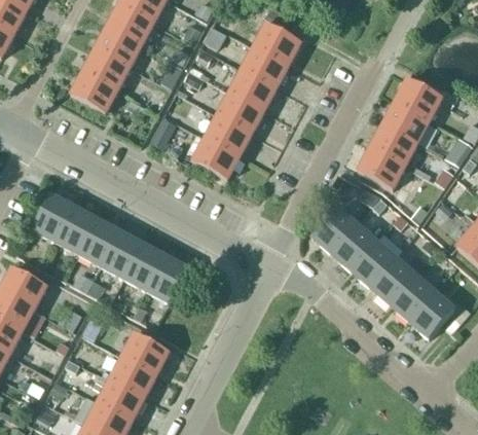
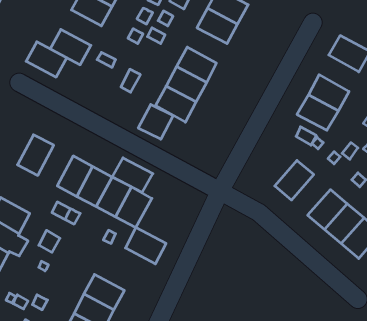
building: [82,48,130,89] -> [26,42,67,77]
building: [229,69,275,110] -> none
building: [382,101,429,143] -> none
building: none -> [138,104,173,139]
building: [56,206,97,253] -> none
building: [310,206,357,253] -> none
building: none -> [112,158,153,193]
building: [351,240,396,287] -> none
building: [121,332,169,374] -> [125,228,166,264]

